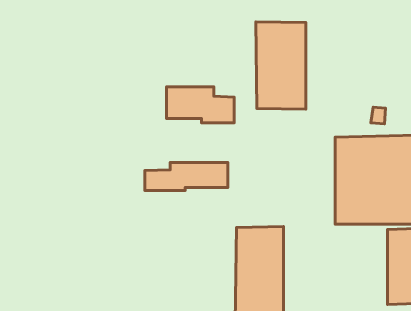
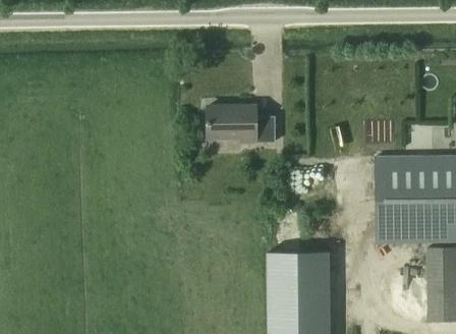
building: [256,22,306,109] -> none
building: [145,163,228,191] -> none

